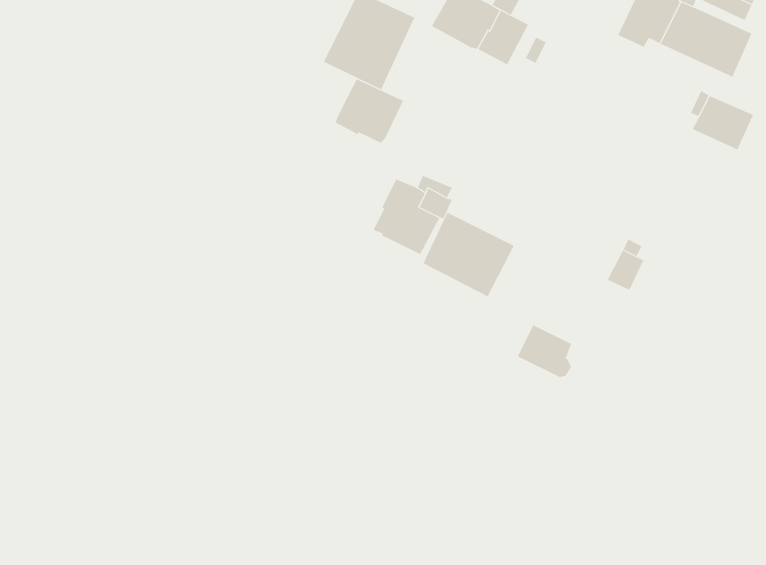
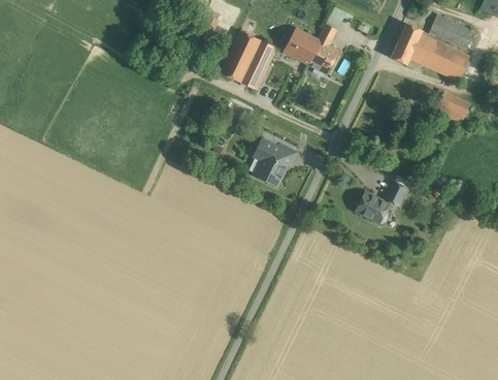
building: [335,78,404,144] -> none
building: [423,212,514,297] -> none
building: [517,324,572,378] -> [356,192,388,223]

